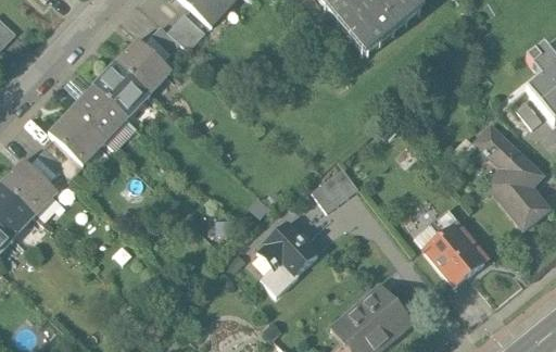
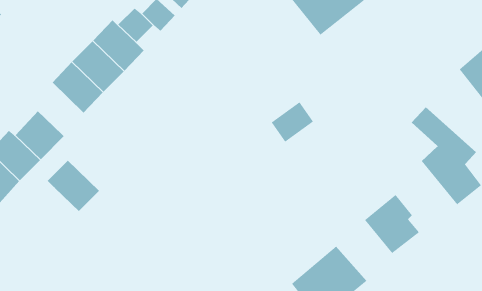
building: [52,102,110,159] -> [47,160,100,212]
building: [317,164,364,209] -> [271,102,314,142]
building: [263,218,321,290] -> none

